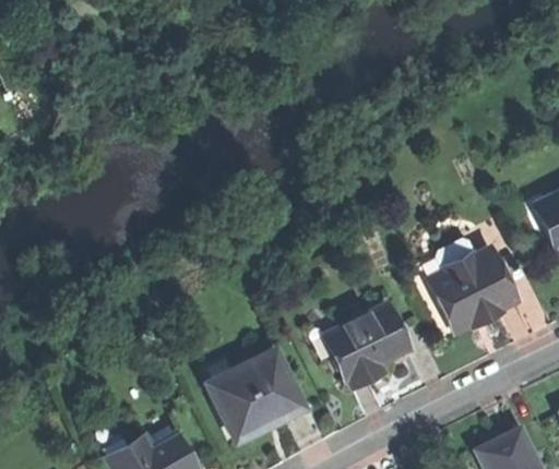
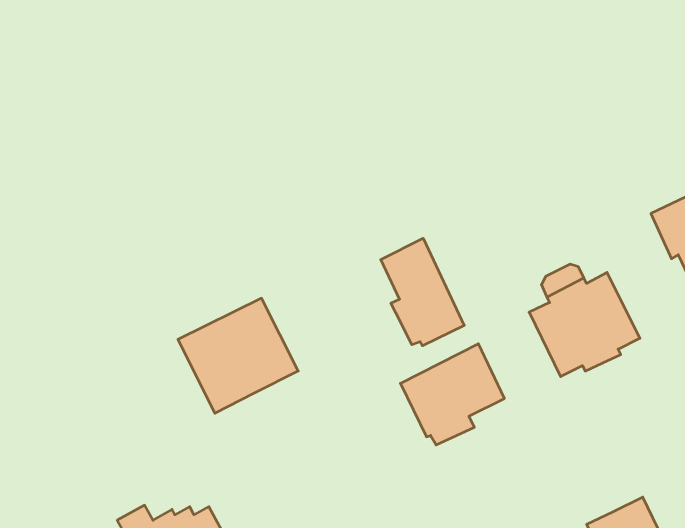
building: none -> [381,238,464,346]
building: [210,351,306,443] -> [178,298,298,413]

